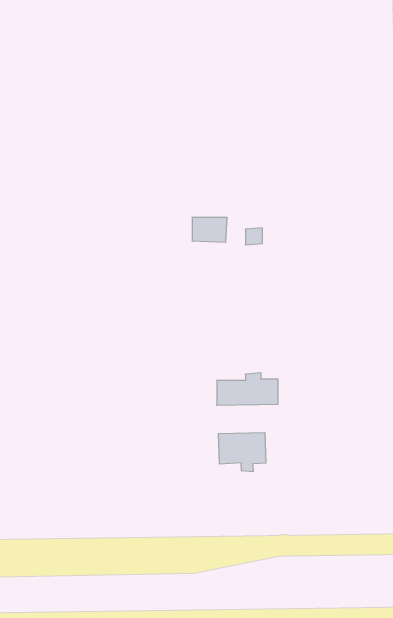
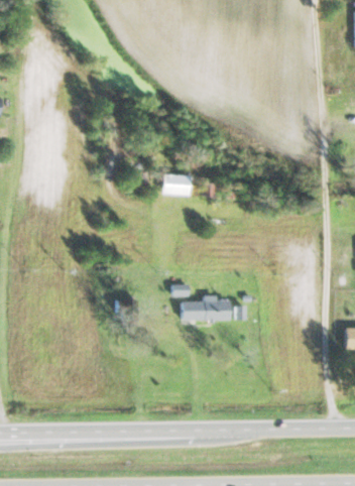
building: [218,433,266,472] -> none

